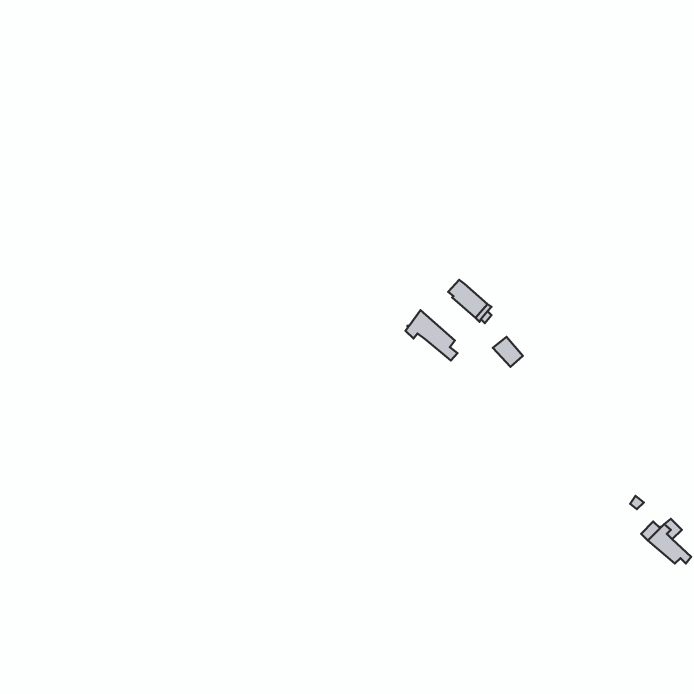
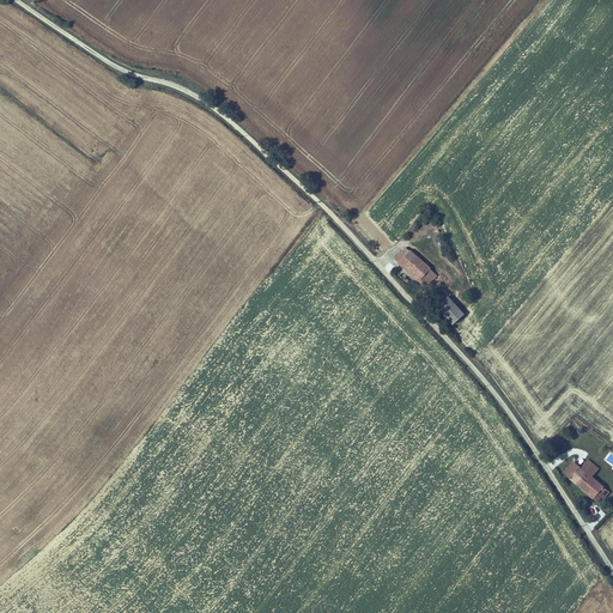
building: [405,310,458,360] -> none

